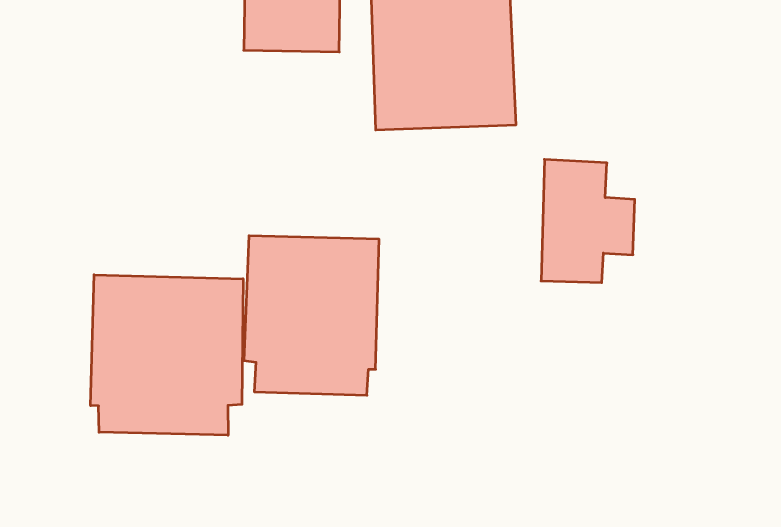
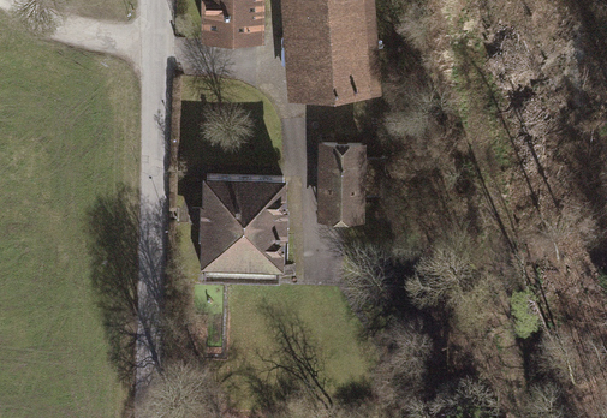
building: [541,159,635,283] -> [320,142,385,227]
building: [91,275,243,435] -> none

